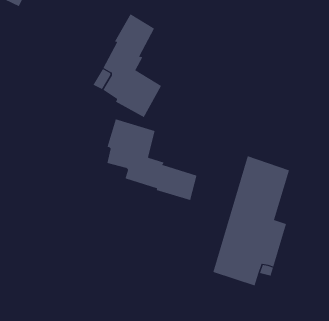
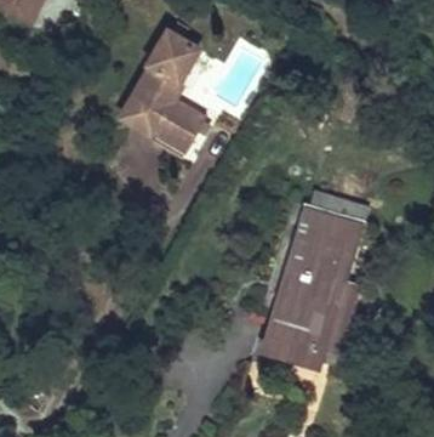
building: [107,119,197,201] -> none

